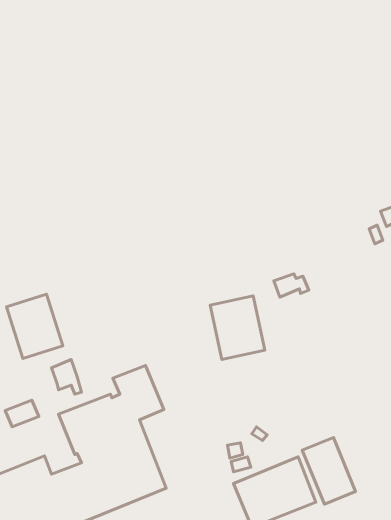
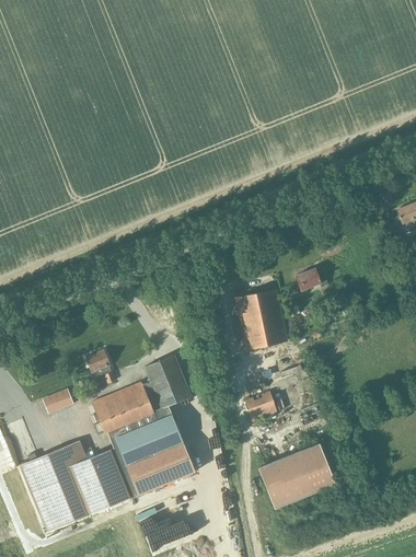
building: [7,294,63,358] -> none
building: none -> [244,392,277,421]
building: [302,438,356,504] -> none

